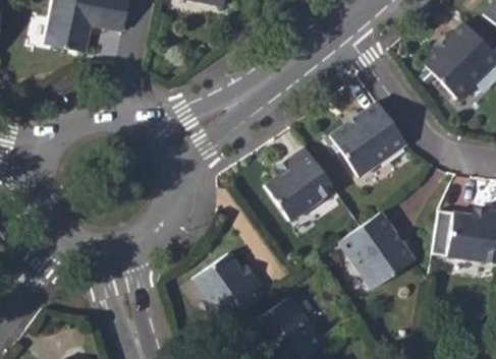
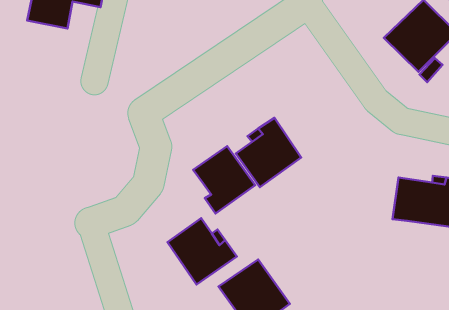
building: [330,102,407,177] -> none
building: none -> [193,146,255,214]
building: [339,212,415,289] -> none

